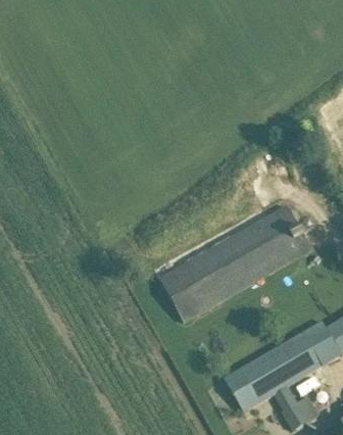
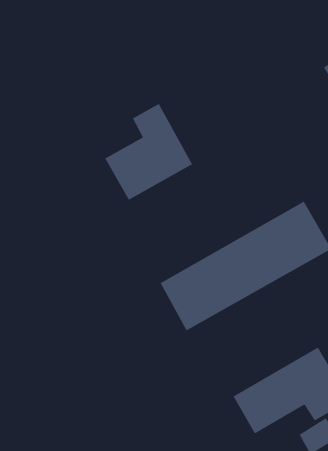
building: none -> [104,103,193,201]

